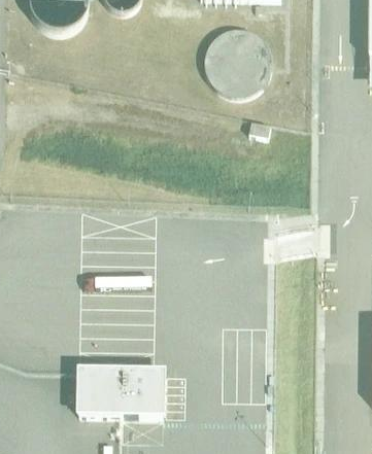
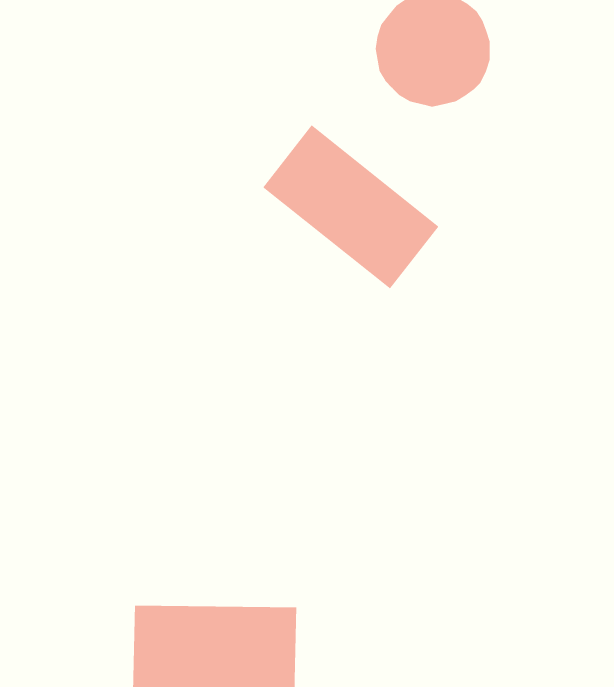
building: none -> [262,124,439,290]

